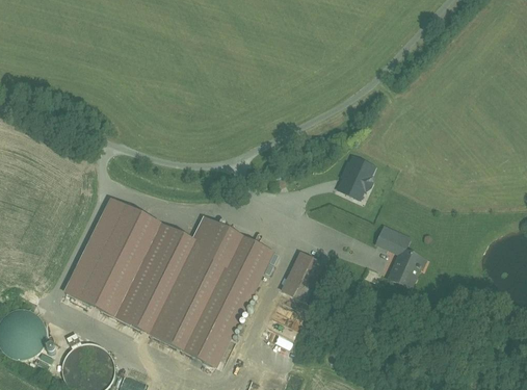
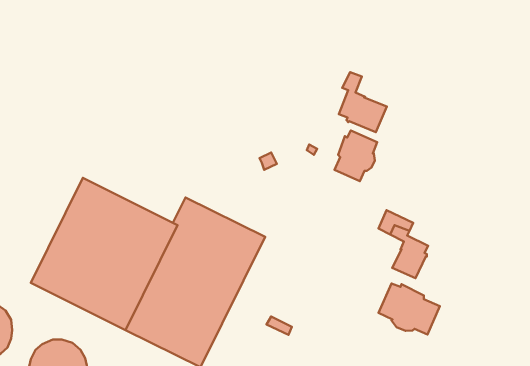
building: none -> [339,72,387,132]
building: [282,252,323,302] -> none
building: none -> [378,283,440,335]

